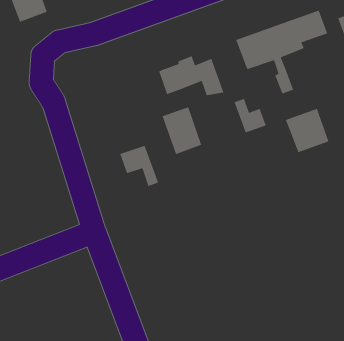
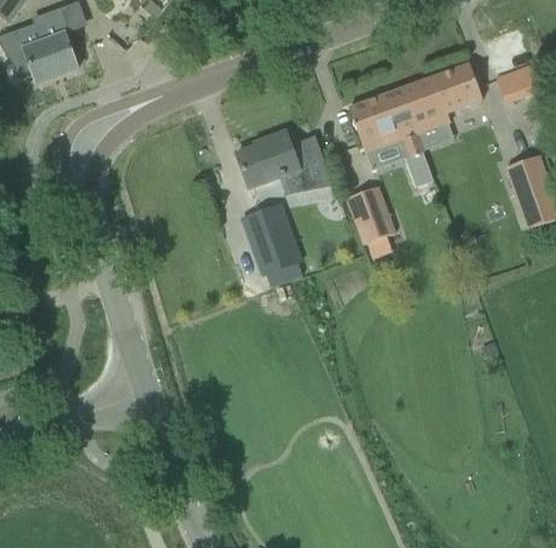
building: [285,108,330,153] -> none
building: [119,145,159,187] -> none

